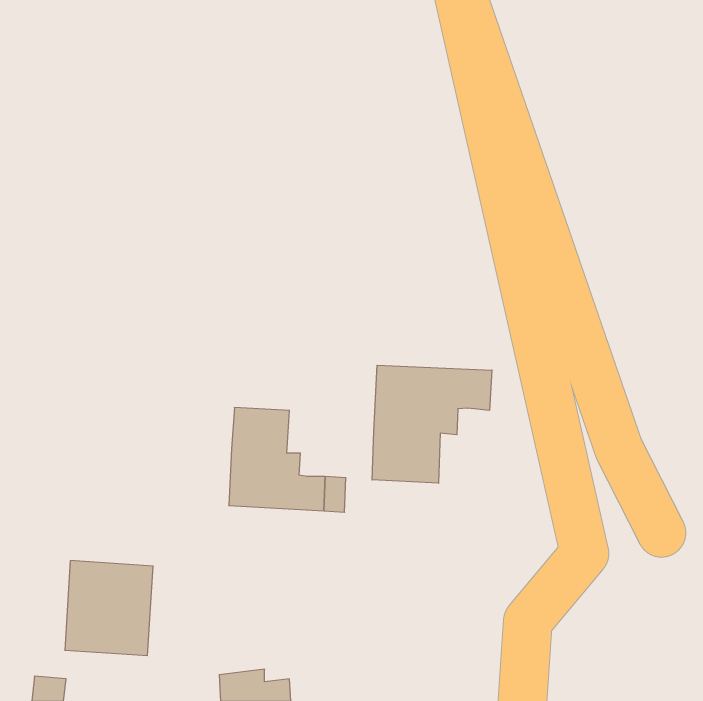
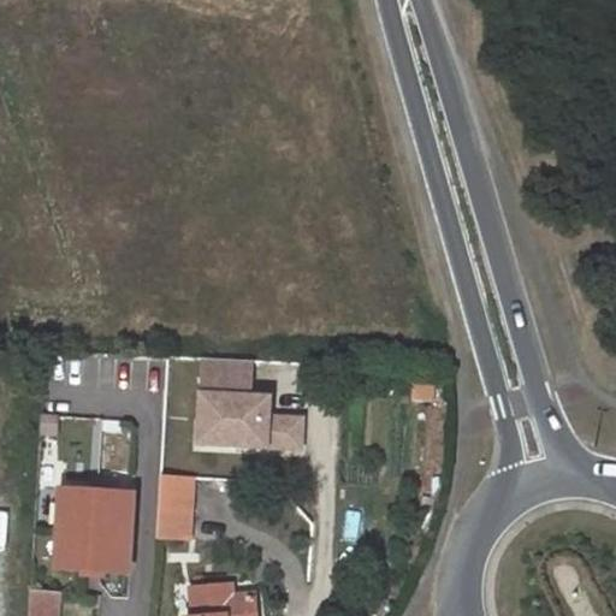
building: [372,365,492,483] -> none
building: none -> [158,476,194,538]

